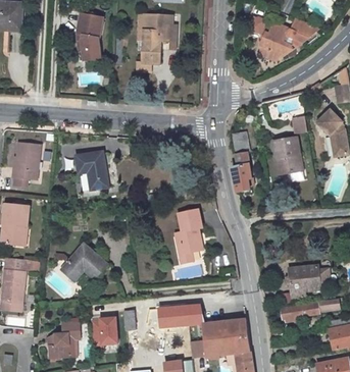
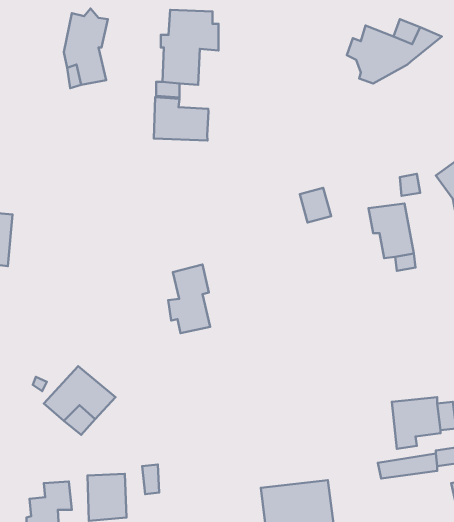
building: none -> [154,97,209,141]
building: [76,151,105,187] -> none
building: [231,152,249,193] -> none
building: [174,210,202,255] -> [168,264,210,333]
building: [158,305,202,329] -> none

